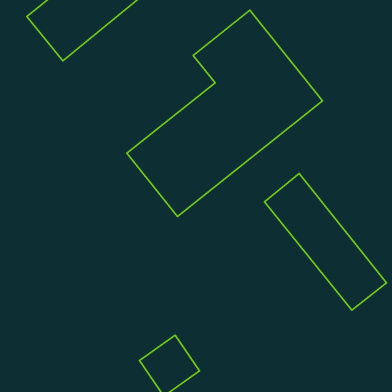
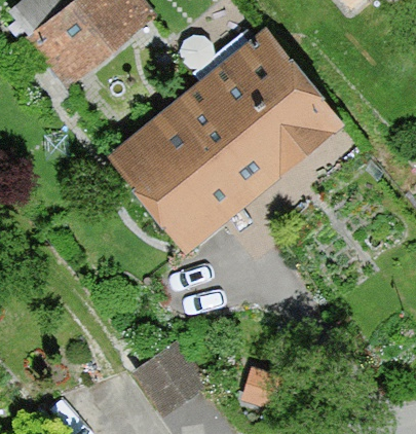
building: [265,174,386,310] -> none

